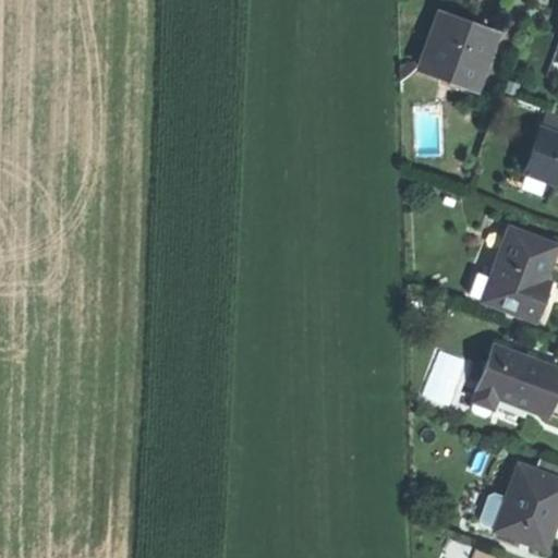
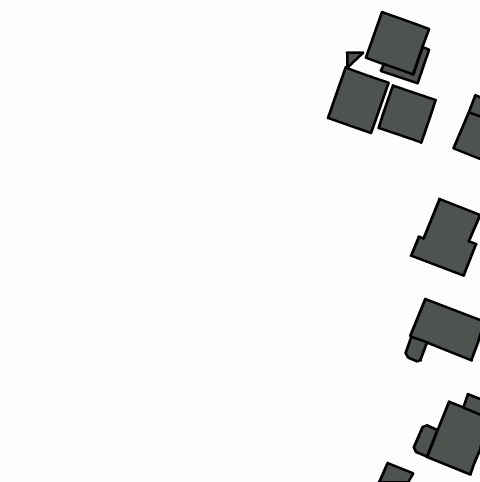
building: none -> [328,67,388,133]
building: none -> [379,85,436,143]

